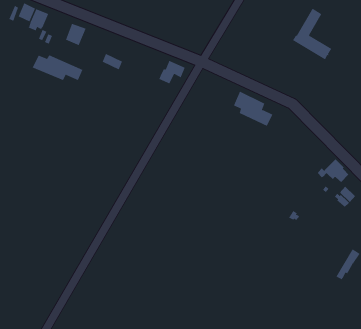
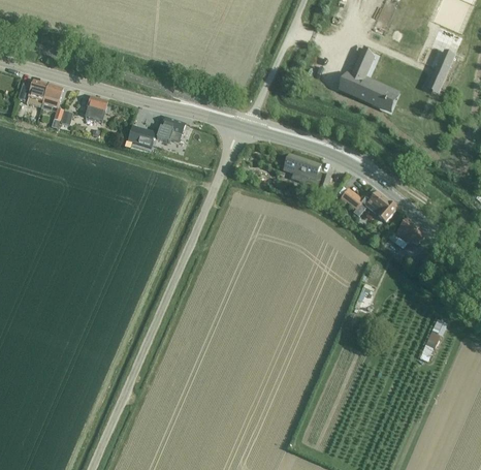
building: [32,55,83,81] -> none
building: [158,60,186,84] -> [156,118,186,145]
building: none -> [336,188,397,222]

